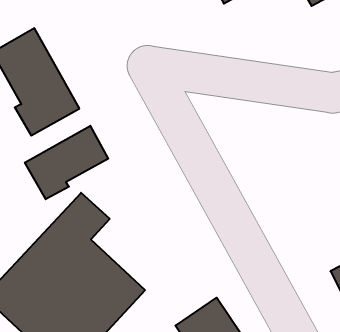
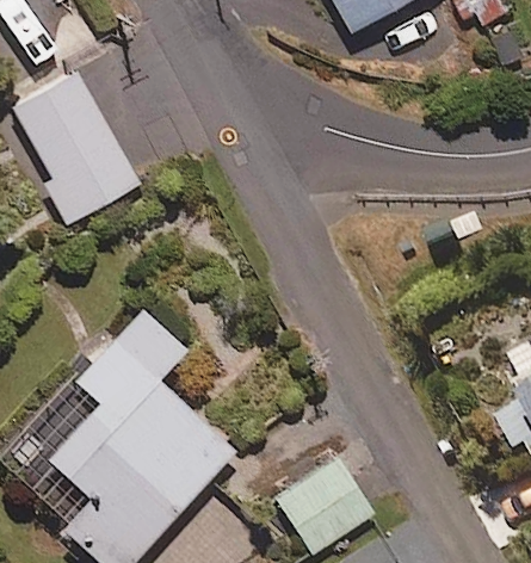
building: [25,126,108,199] -> none

